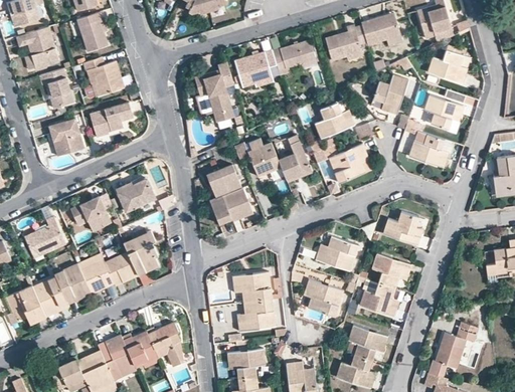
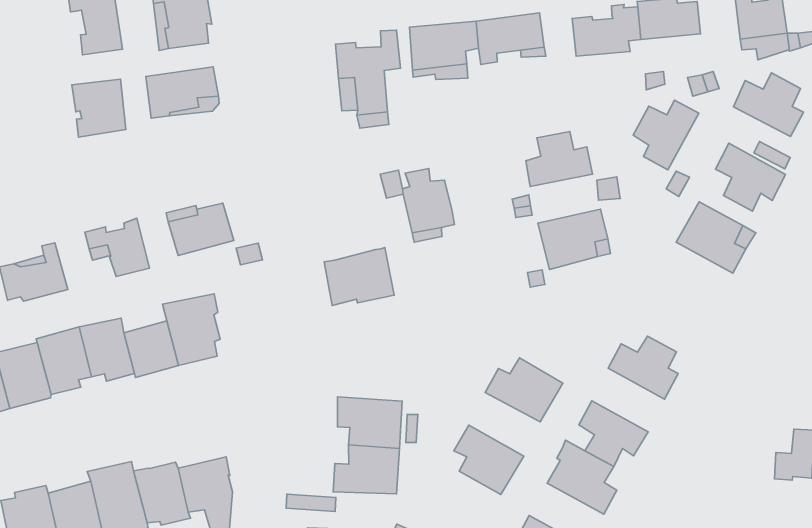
building: [278,135,311,182] -> none
building: [206,165,241,199] -> none

